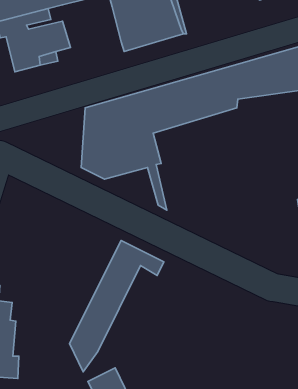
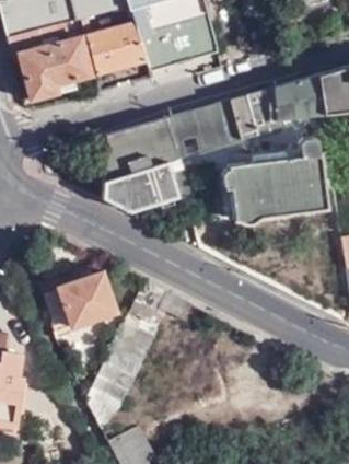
building: none -> [82,19,144,72]
building: none -> [217,142,327,231]
building: none -> [57,271,115,327]

